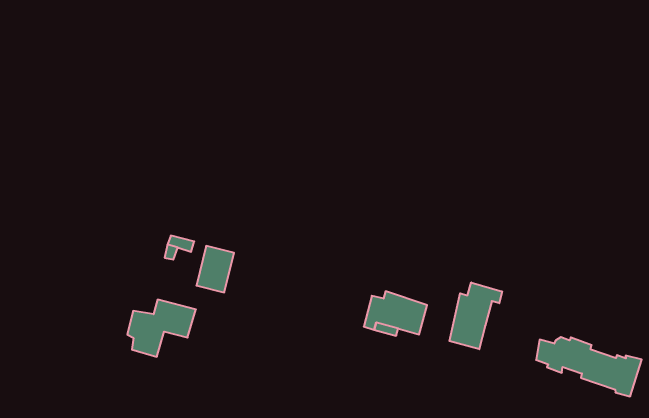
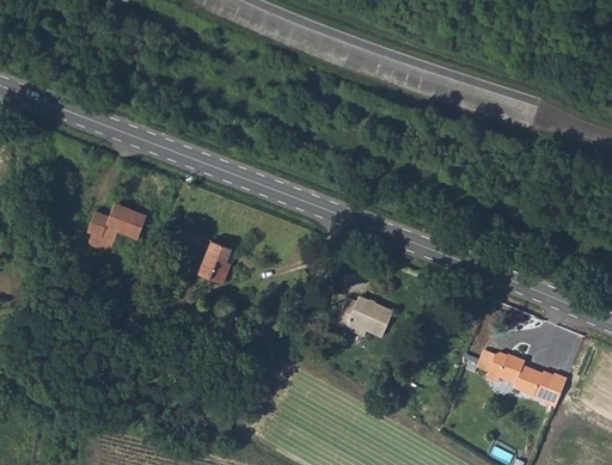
building: [449,282,502,349] -> none
building: [127,300,196,357] -> [86,203,146,251]

